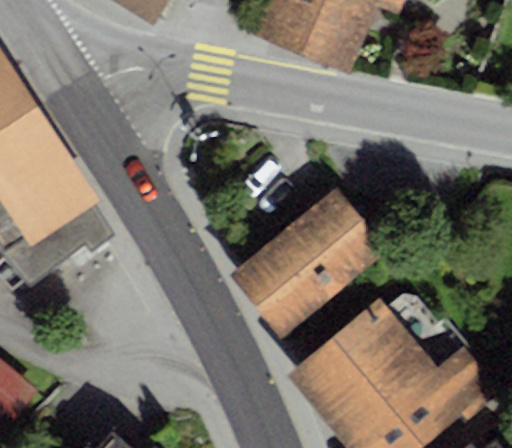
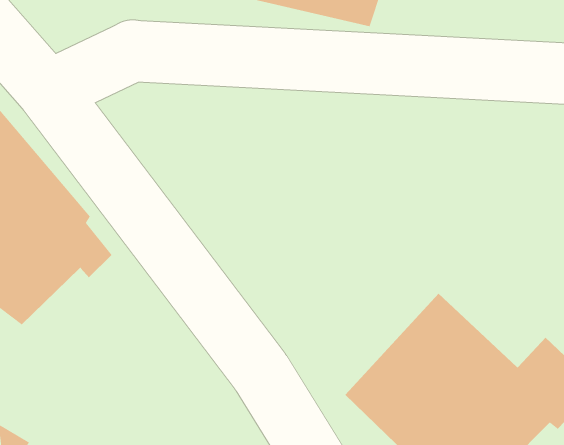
building: [237,186,386,333] -> none

